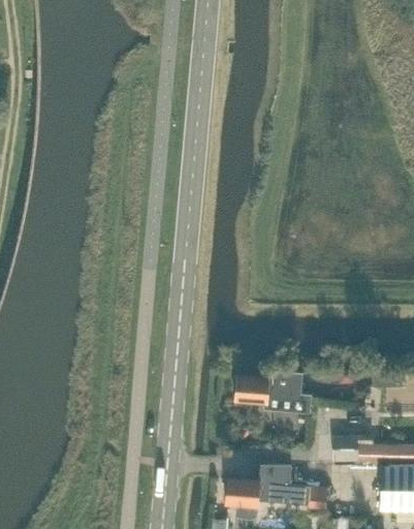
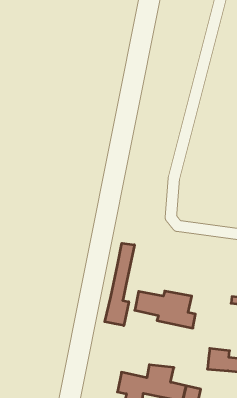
building: none -> [105,243,134,326]

